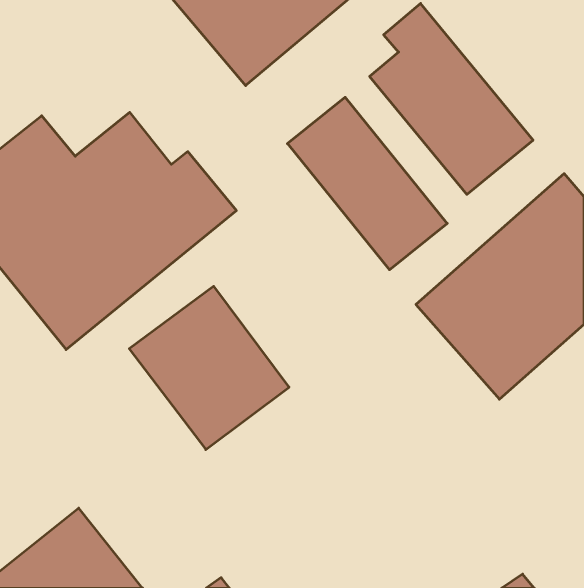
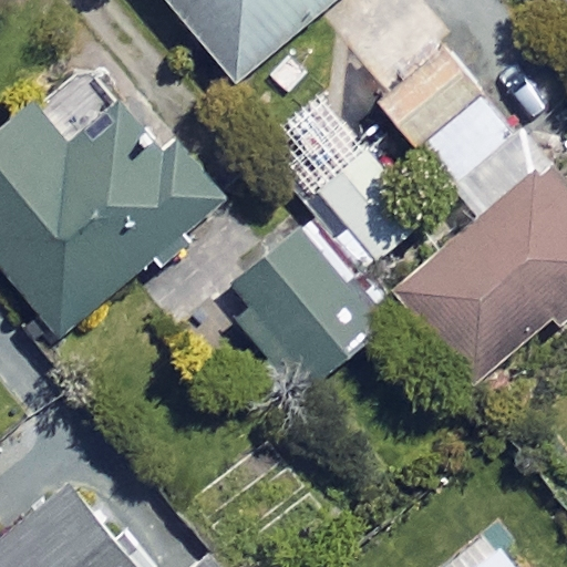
building: [129,286,289,450] -> [227,230,380,386]

